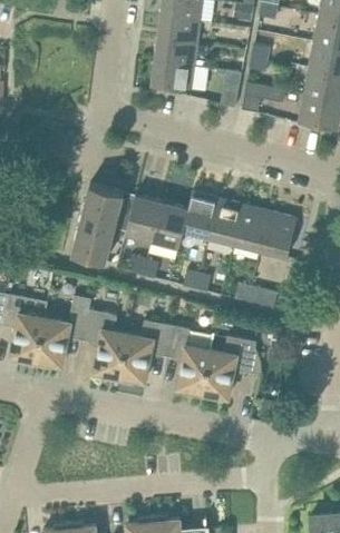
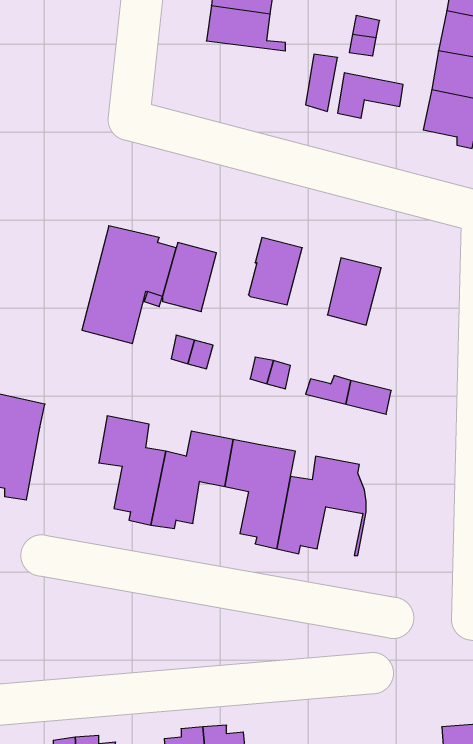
building: [152,61,207,91] -> none
building: [208,198,244,243] -> none
building: [152,201,188,247] -> none
building: [261,211,298,257] -> none
building: [36,295,91,368] -> none

